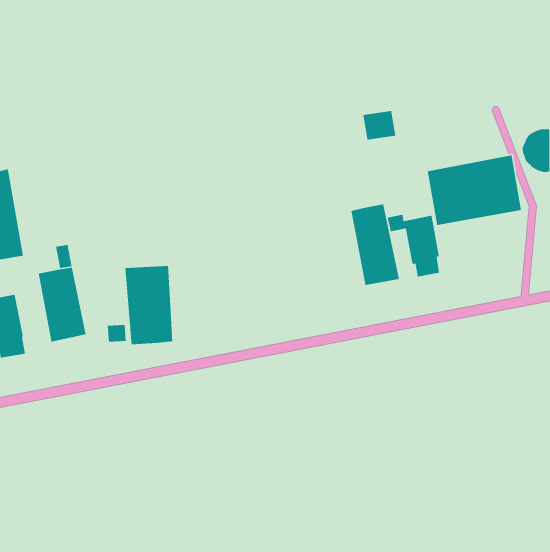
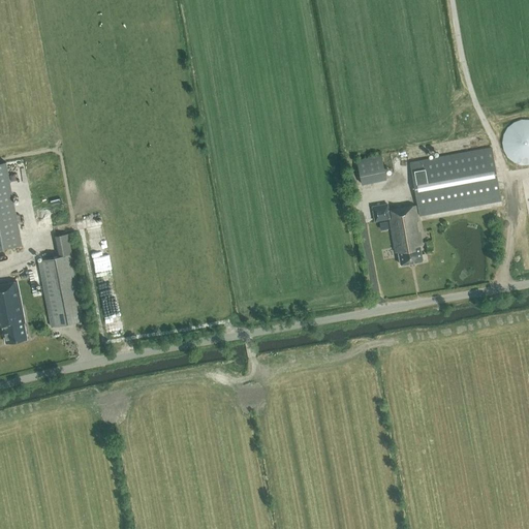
building: [363,110,396,141] -> [356,154,388,183]
building: [350,203,400,286] -> none
building: [125,265,173,345] -> none

